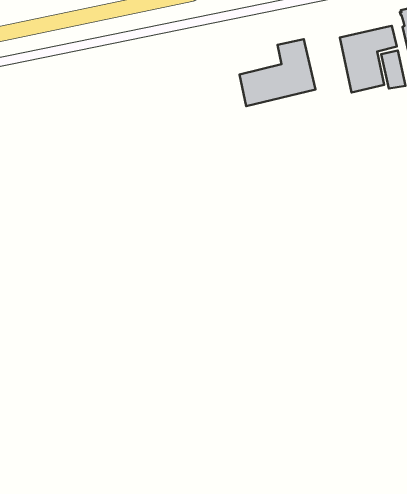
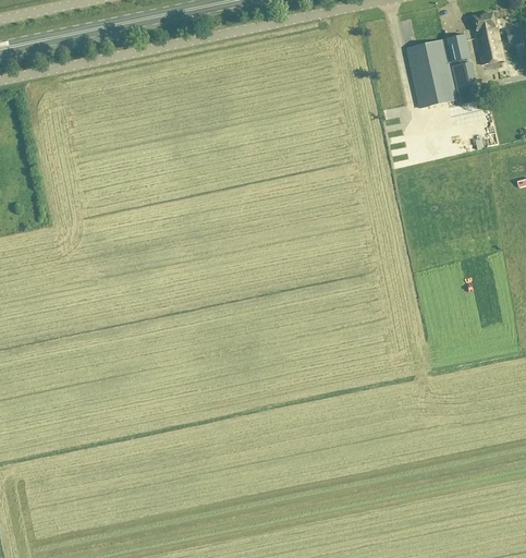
building: [239,39,315,106] -> none

